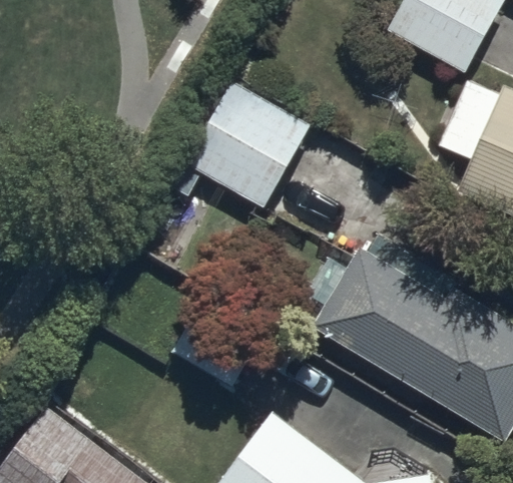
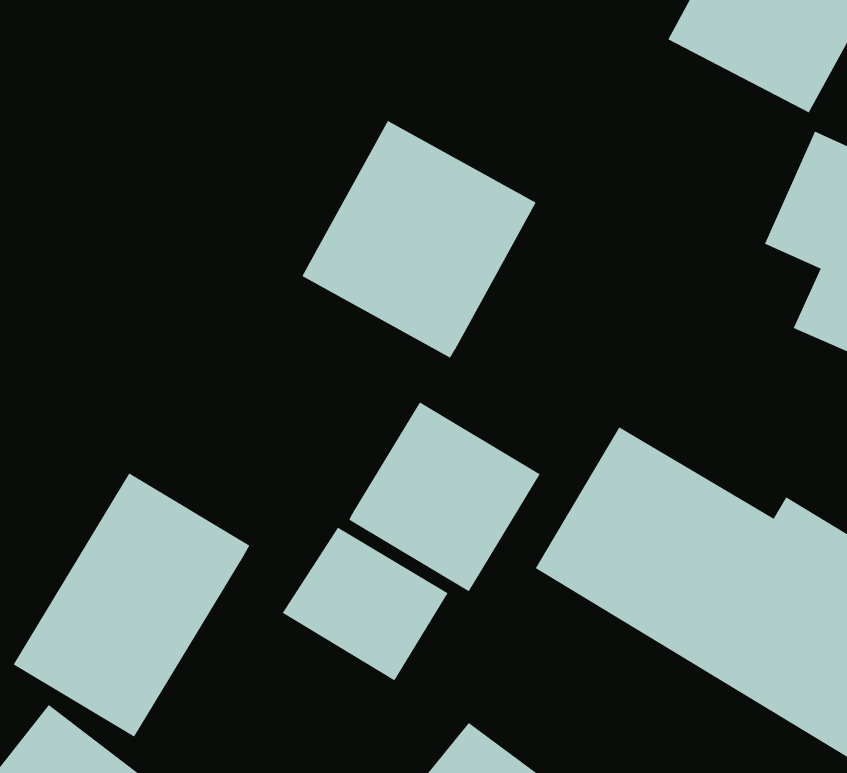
building: none -> [348,401,540,592]
building: none -> [13,472,250,737]

